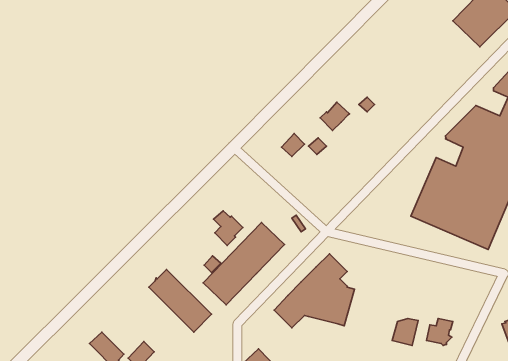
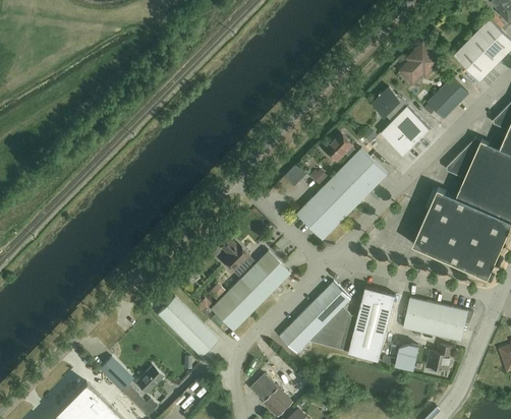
building: none -> [399,45,438,83]
building: none -> [428,78,467,118]
building: none -> [373,87,431,157]
building: none -> [295,148,387,240]
building: none -> [347,287,396,361]
building: none -> [402,298,473,341]

